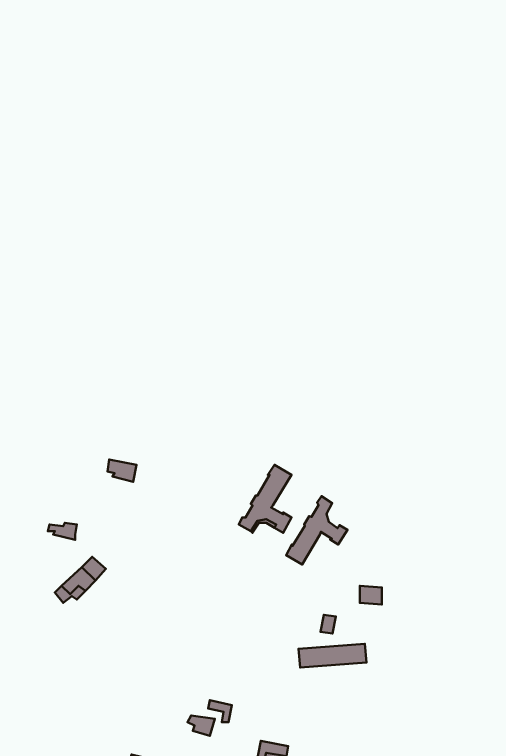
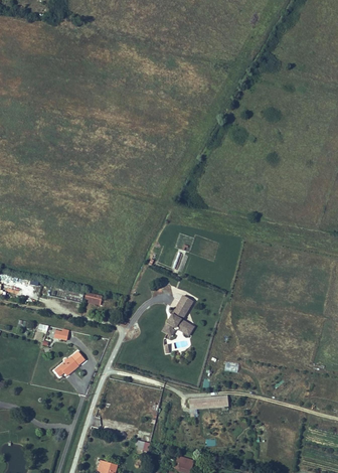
building: [286,496,348,565] -> none

